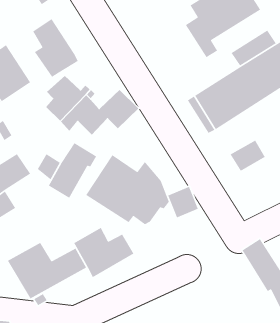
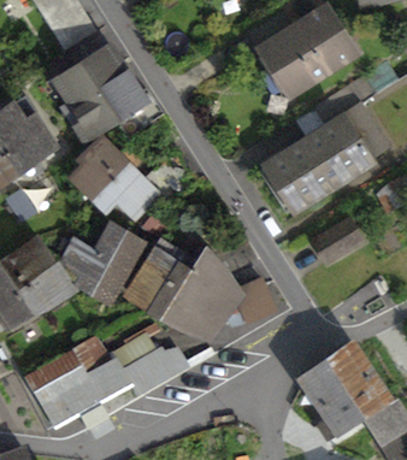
building: none -> [82,47,163,138]
building: none -> [22,263,72,308]
building: none -> [302,362,361,440]

